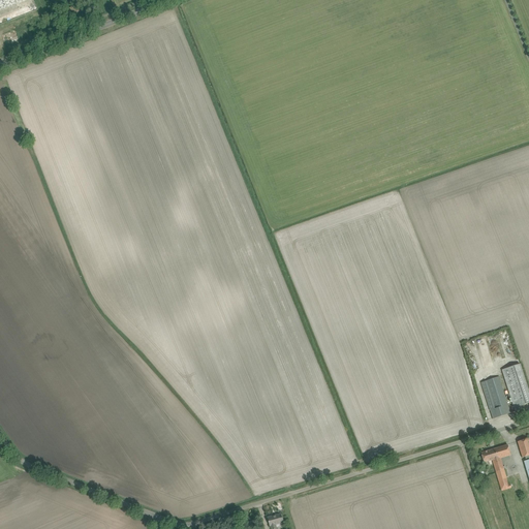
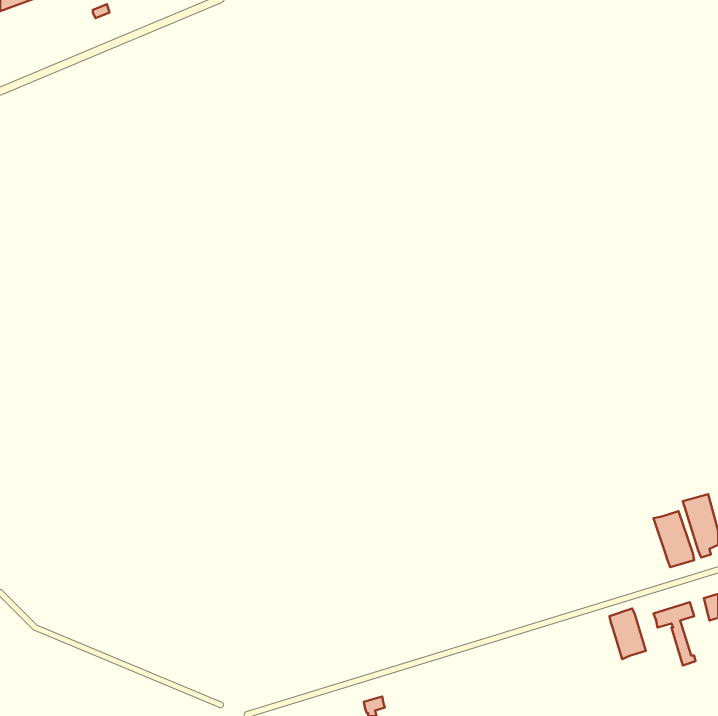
building: none -> [609,609,646,659]

